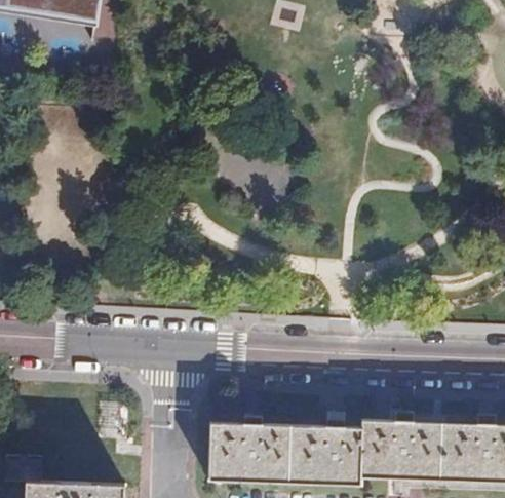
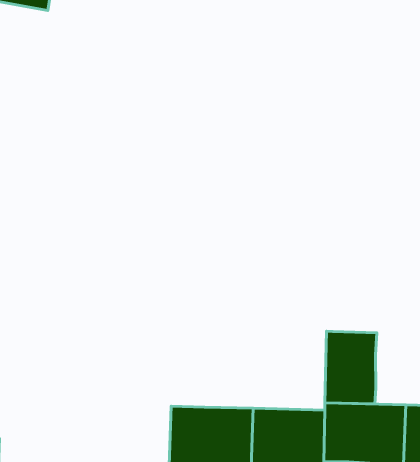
building: none -> [325,331,377,404]

